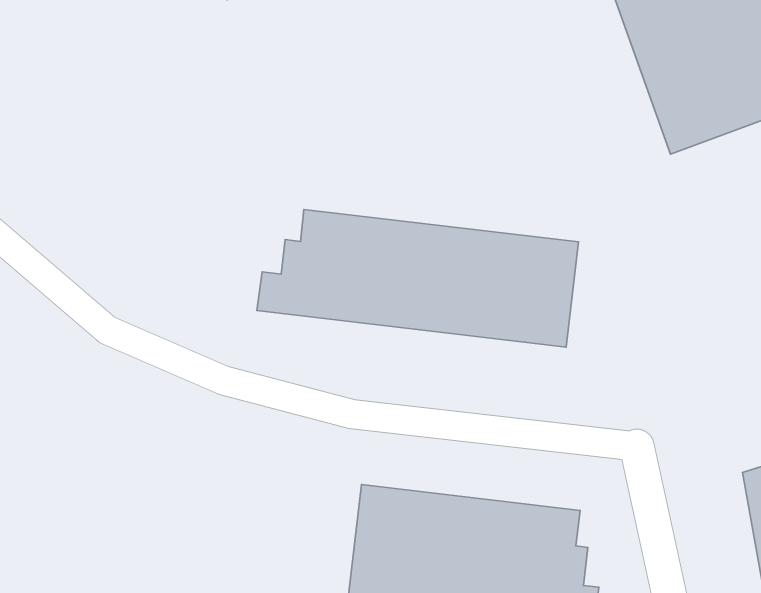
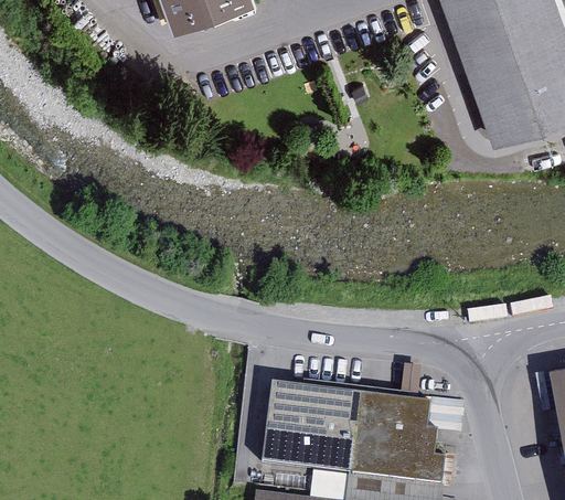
building: [257,209,579,347] -> none

